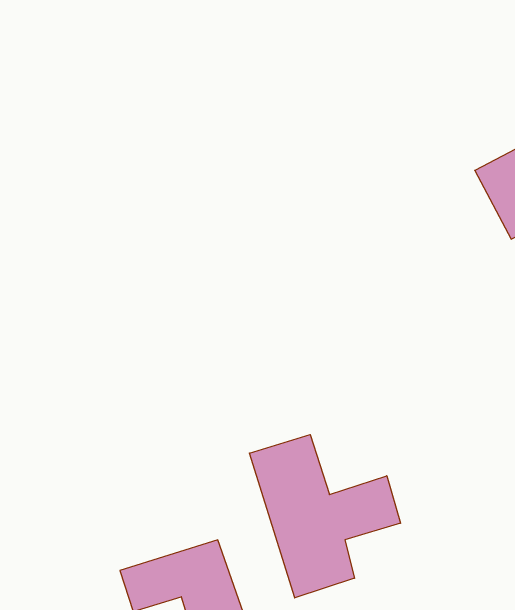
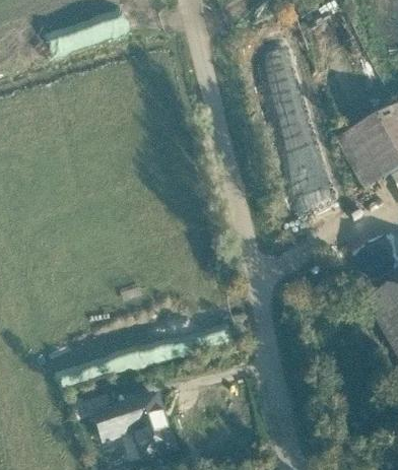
building: [249,435,401,598] -> none

